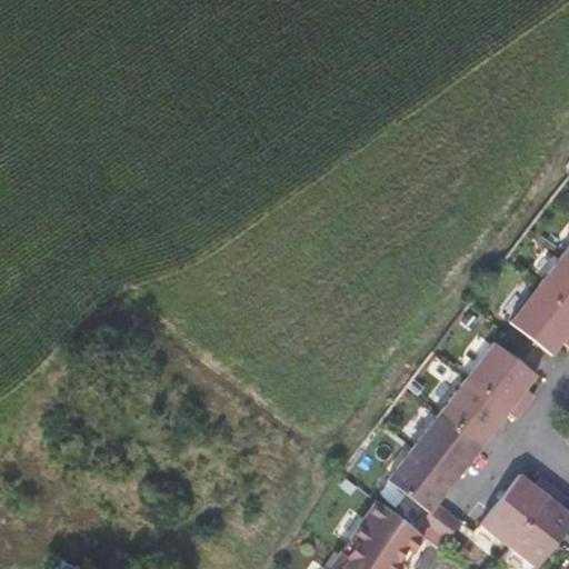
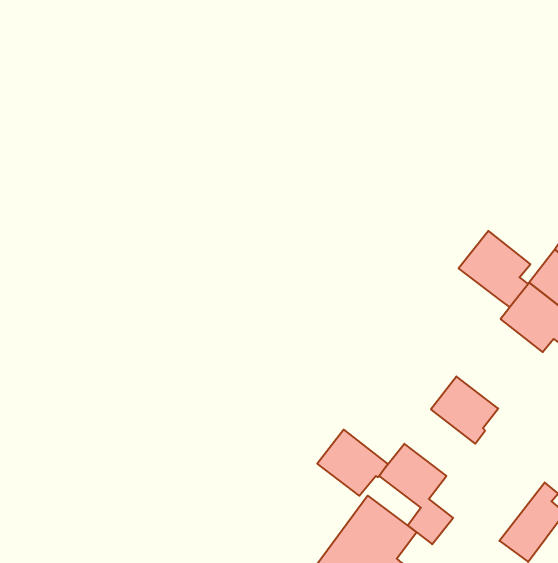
building: [466,342,538,419] -> [459,231,530,307]
building: [413,413,485,480] -> [317,430,388,496]
building: [481,475,555,546] -> none

